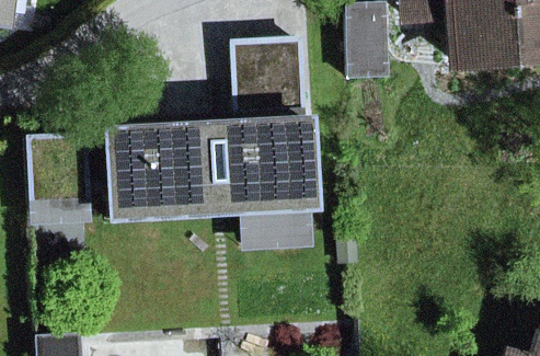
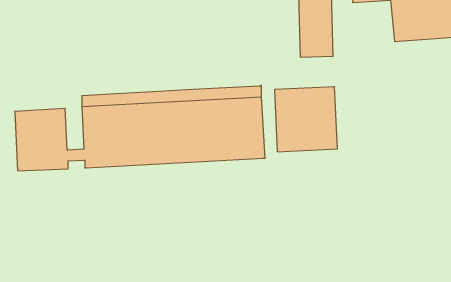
building: [233,41,305,114] -> [274,87,337,152]
building: [110,192,312,252] -> none

